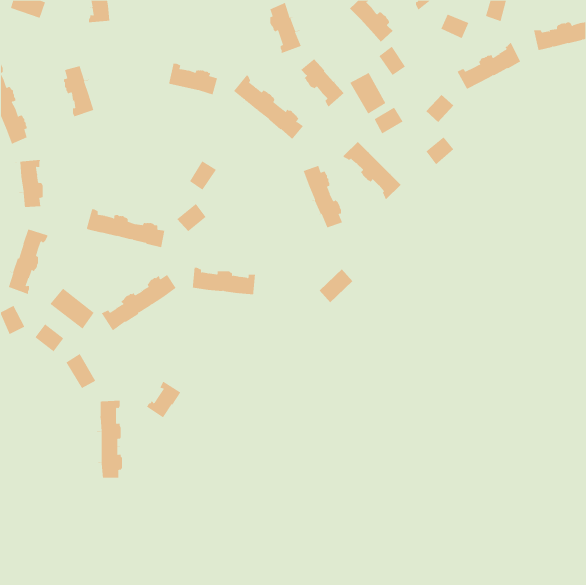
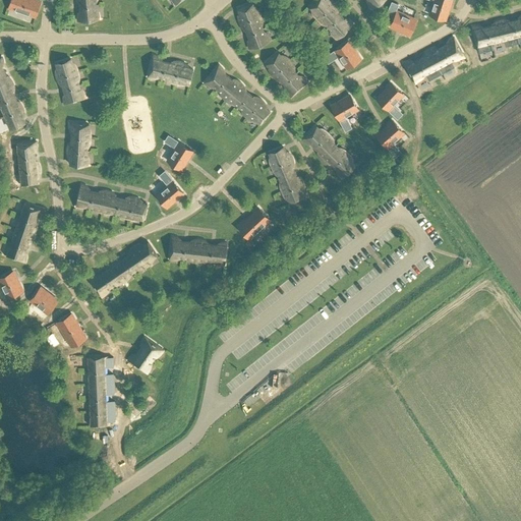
building: [350,72,386,115] -> none
building: none -> [67,124,93,166]
building: [319,269,353,303] -> [239,209,270,239]
building: [50,288,94,329] -> none

